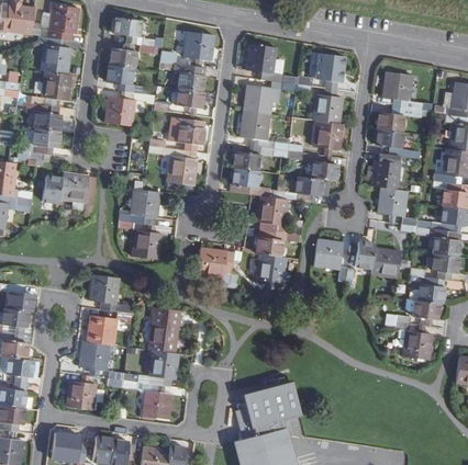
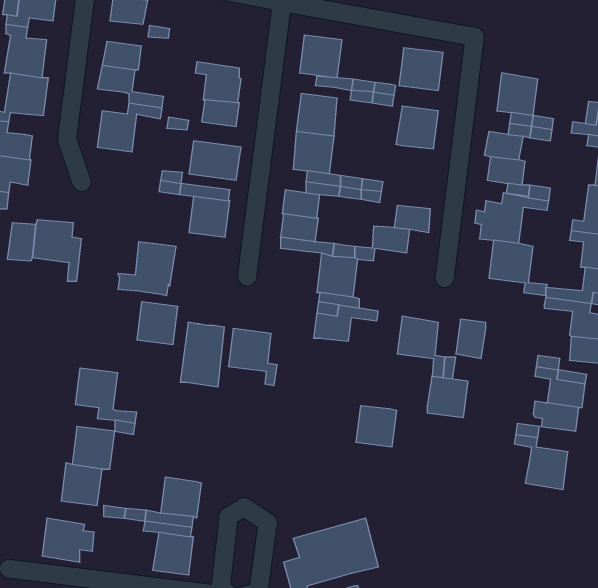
building: [185,31,213,59] -> none
building: [313,121,342,150] -> none
building: [371,248,400,276] -> [427,376,468,417]
building: [256,254,285,283] -> [356,406,397,447]
building: [147,309,178,354] -> [180,322,224,387]

